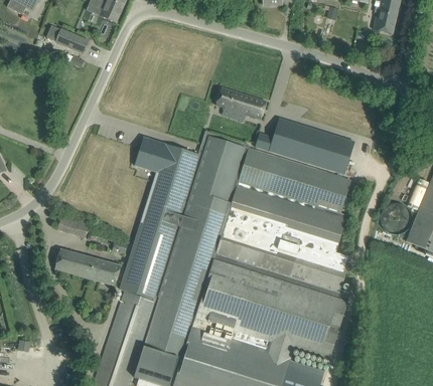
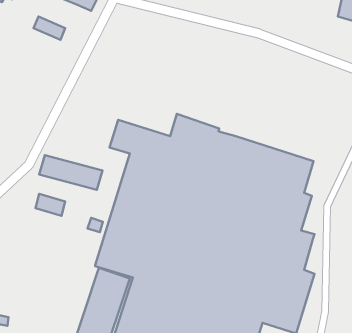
building: [215,86,266,119] -> none
building: [269,118,354,173] -> none
building: [54,248,121,284] -> [39,155,103,190]

